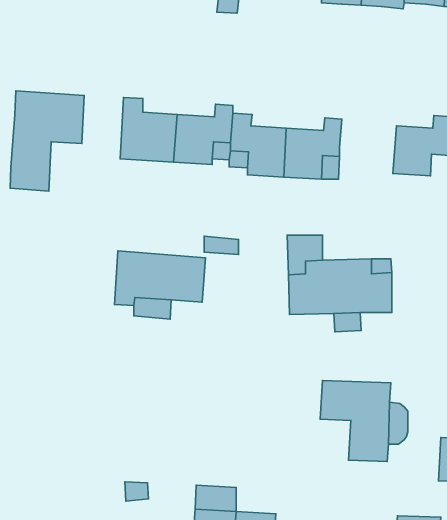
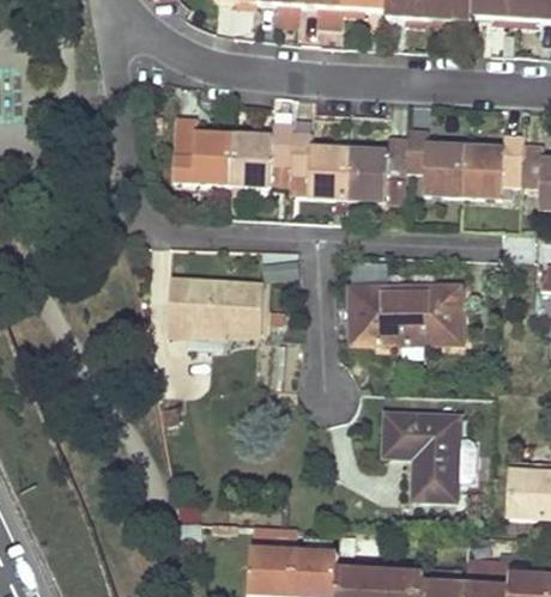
building: [10,91,84,191] -> none
building: none -> [405,129,465,195]

